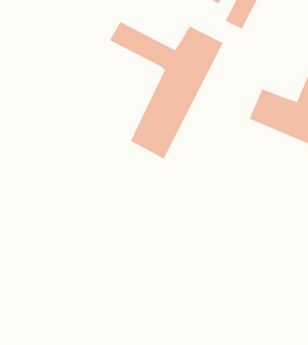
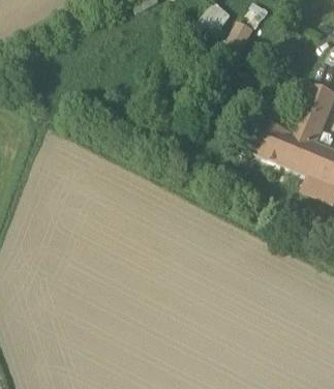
building: [109,21,224,159] -> none

